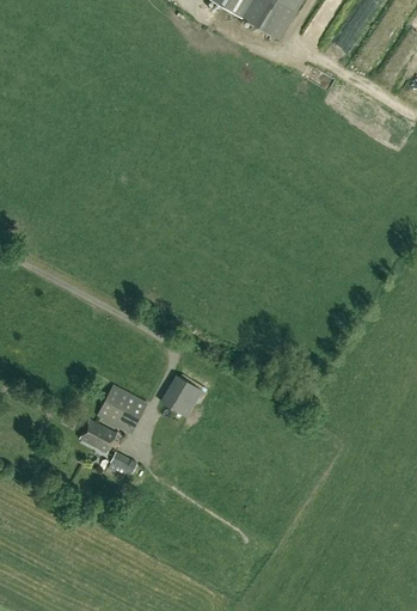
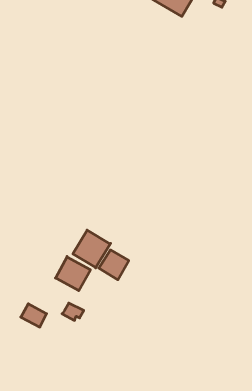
building: none -> [73,230,111,268]
building: [79,420,116,453] -> [21,304,47,327]

